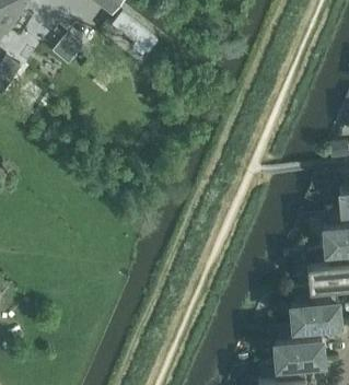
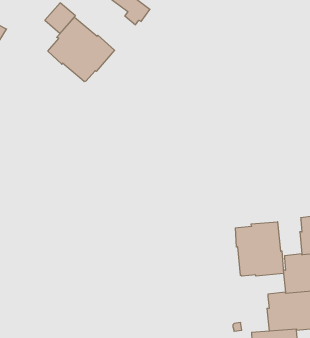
building: none -> [48,17,115,82]
building: none -> [235,222,284,276]

